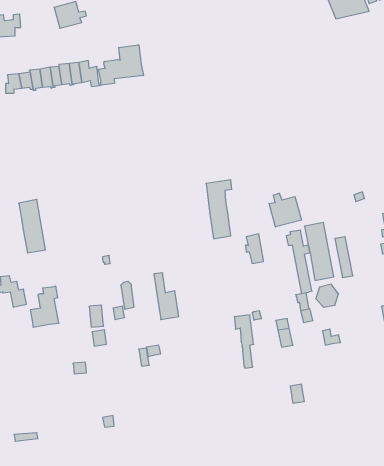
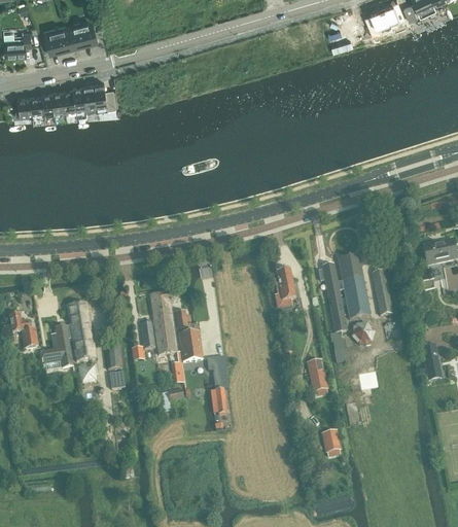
building: none -> [43,24,74,52]
building: [98,45,143,85] -> none
building: [206,180,232,239] -> [150,291,178,355]
building: [269,193,301,227] -> none
building: [19,199,45,253] -> [67,303,96,360]
building: [234,315,254,368] -> [207,356,227,414]

